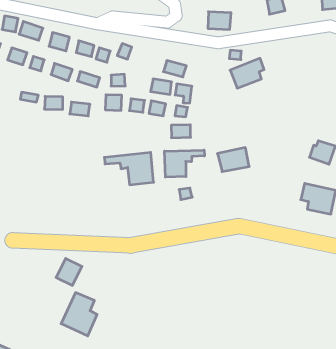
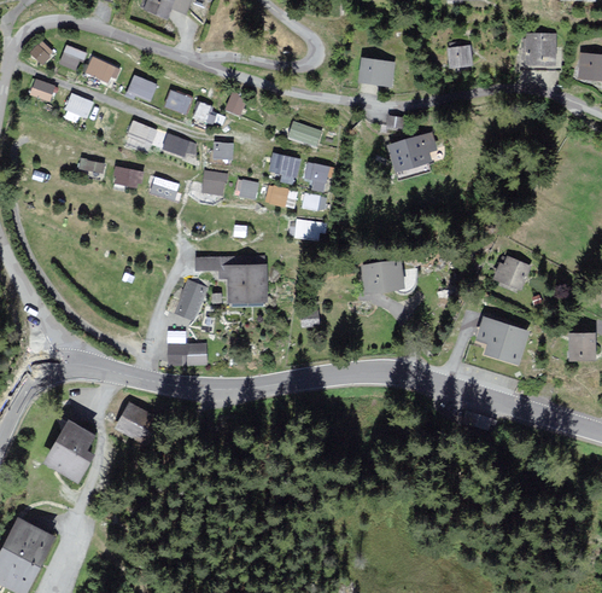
building: [165,150,204,177] -> none
building: none -> [174,280,206,321]
building: none -> [168,347,205,366]
building: [61,293,97,336] -> [43,420,97,484]

